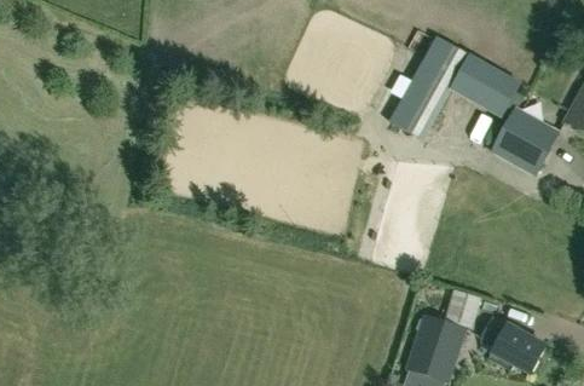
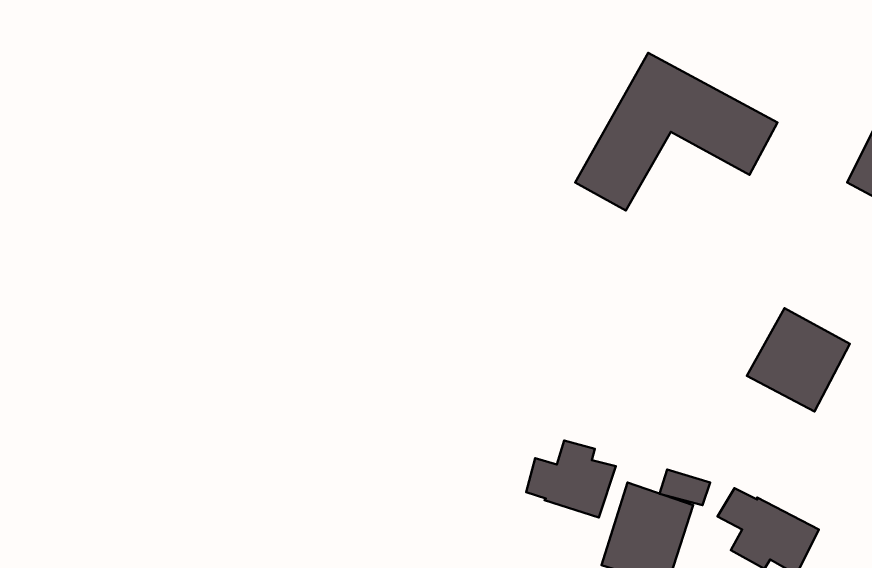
building: [491,108,557,174] -> [747,308,850,411]
building: none -> [526,440,616,517]

